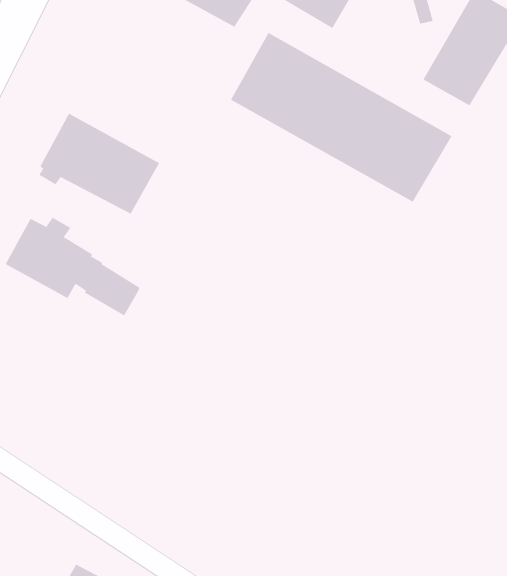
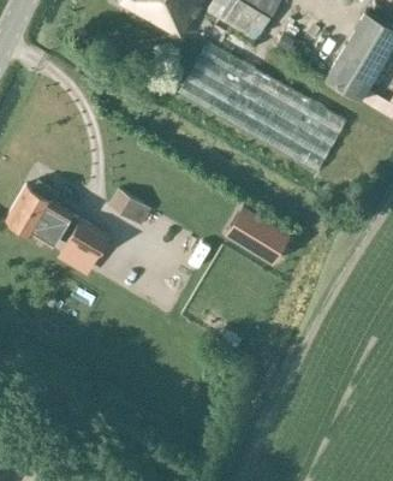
building: [38,113,160,215] -> none
building: none -> [109,190,150,225]
building: none -> [224,206,290,263]

